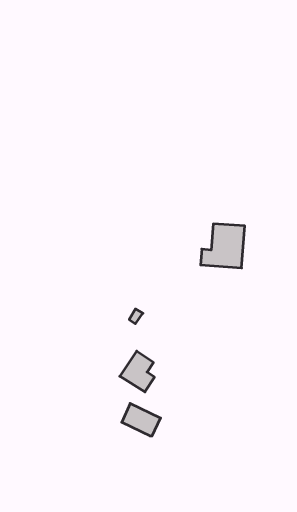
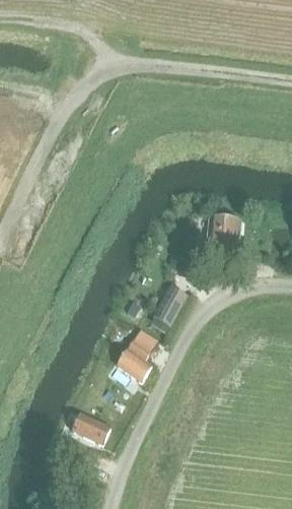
building: none -> [152,284,187,325]
building: [122,403,161,436] -> [71,410,108,442]

